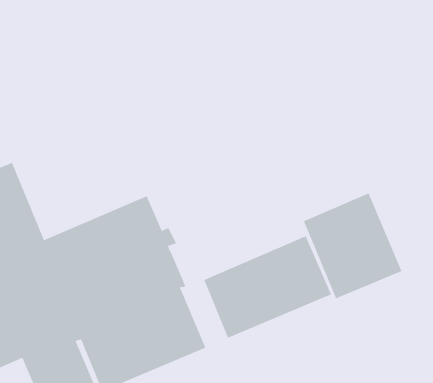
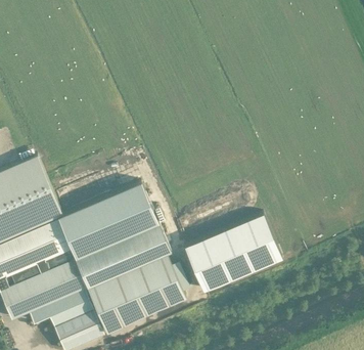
building: [303,192,402,299] -> none

